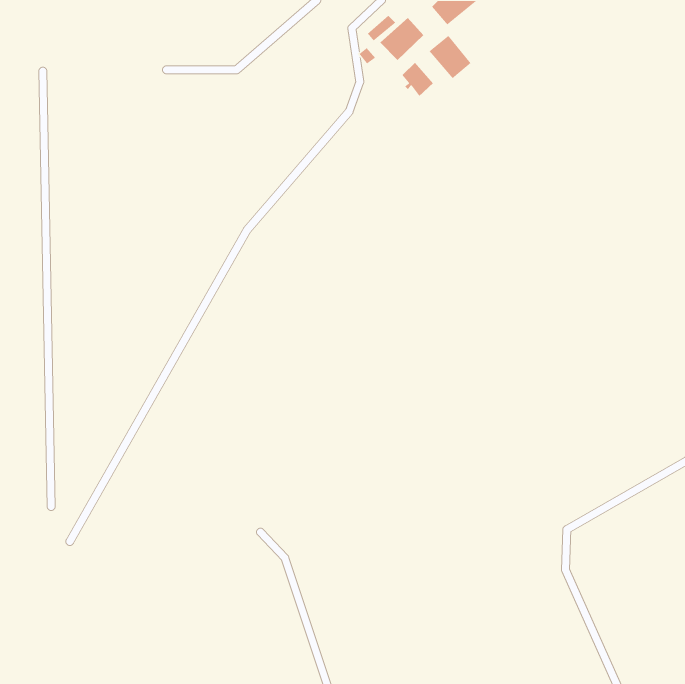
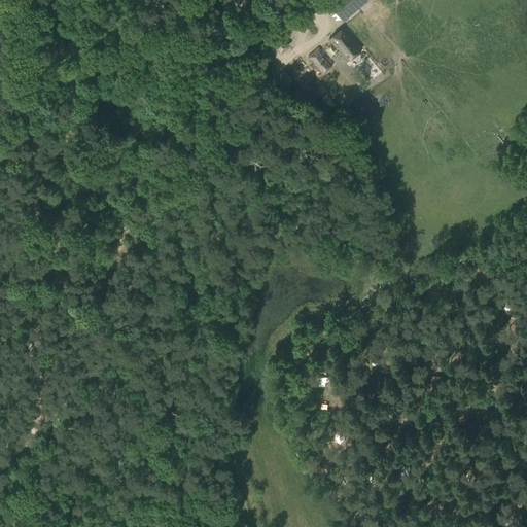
building: [380,17,424,61] -> none

